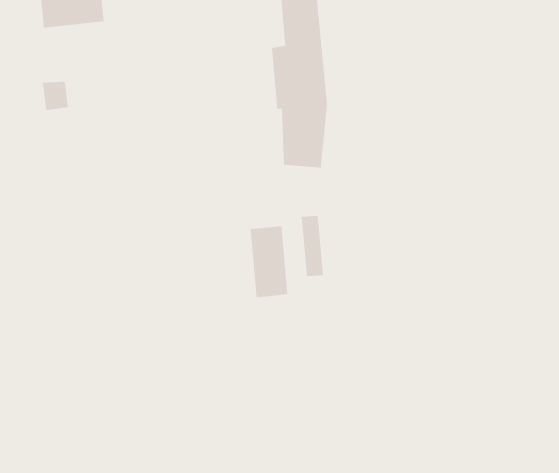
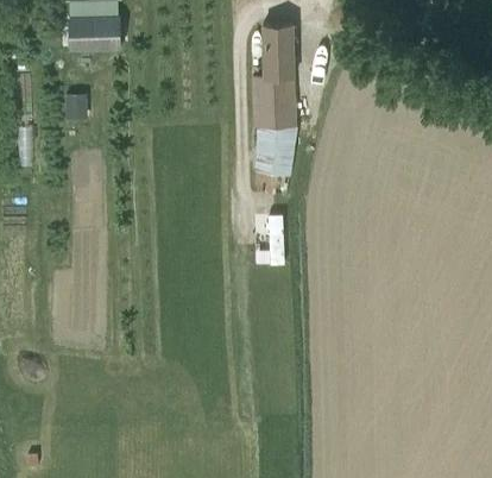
building: [250,225,288,298] -> none

